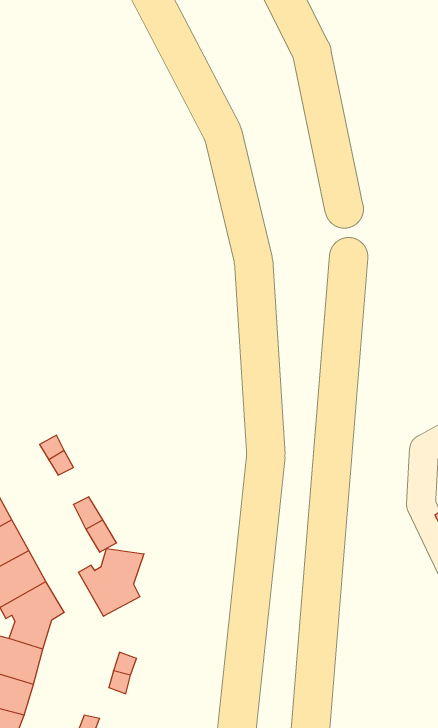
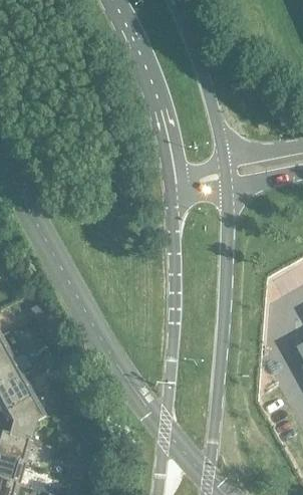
building: [79,548,144,616] -> none

